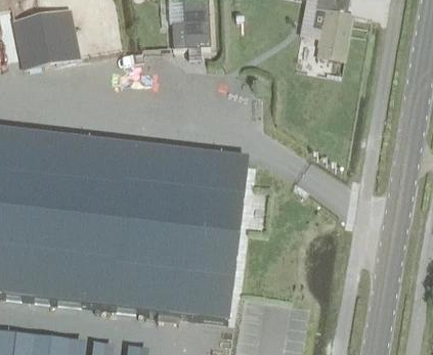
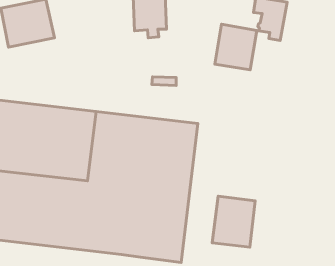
building: none -> [215,24,257,70]
building: none -> [212,196,255,247]

